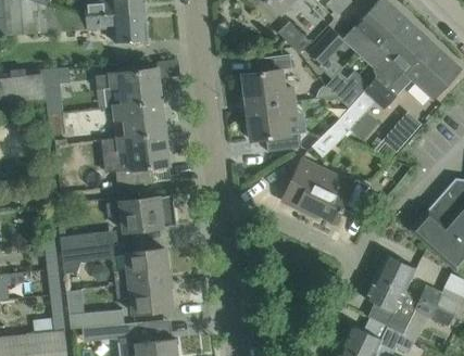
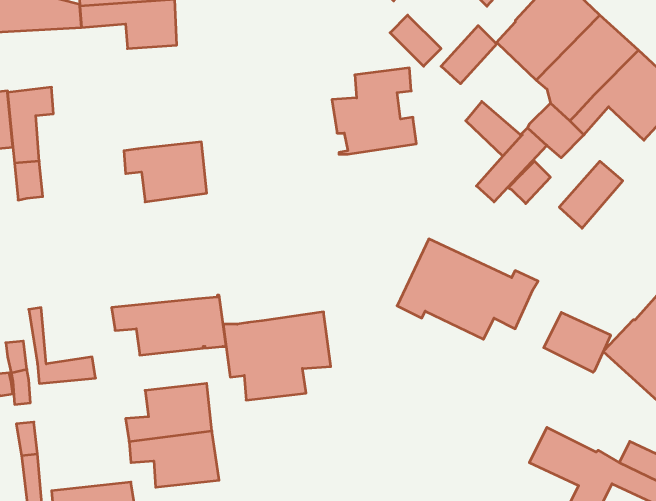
building: [96,67,162,104] -> none
building: [249,101,302,152] -> none
building: [103,131,170,186] -> [223,312,331,400]
building: [62,243,116,274] -> none
building: [375,254,416,291] -> [544,312,611,372]

